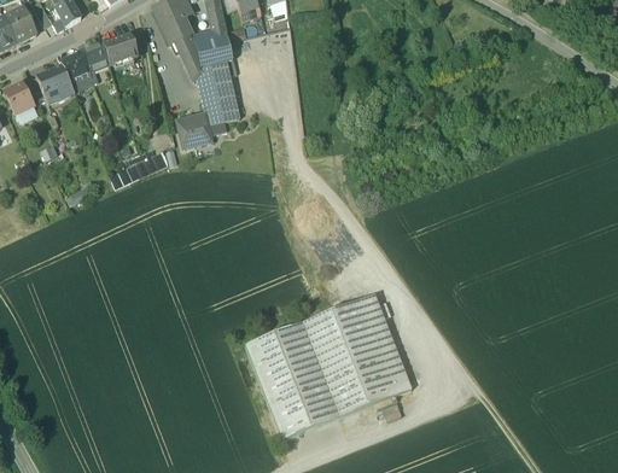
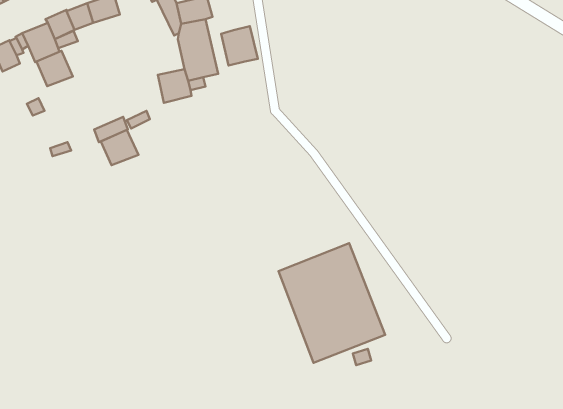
building: none -> [221,26,258,65]
building: none -> [36,51,73,86]
building: none -> [101,130,138,165]
building: [245,322,338,439] -> none

